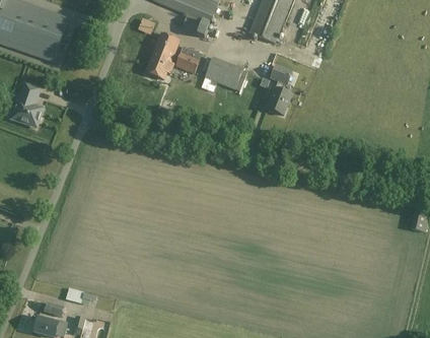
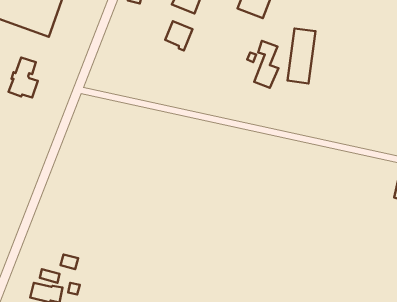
building: [144,33,178,79] -> none
building: [202,53,239,82] -> none
building: none -> [288,28,316,83]

